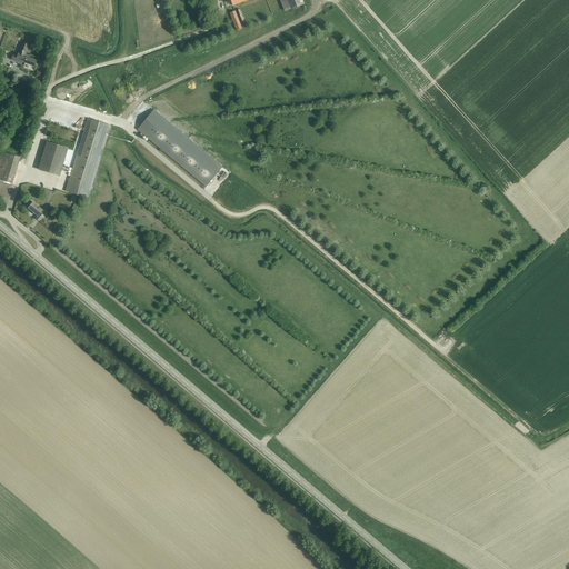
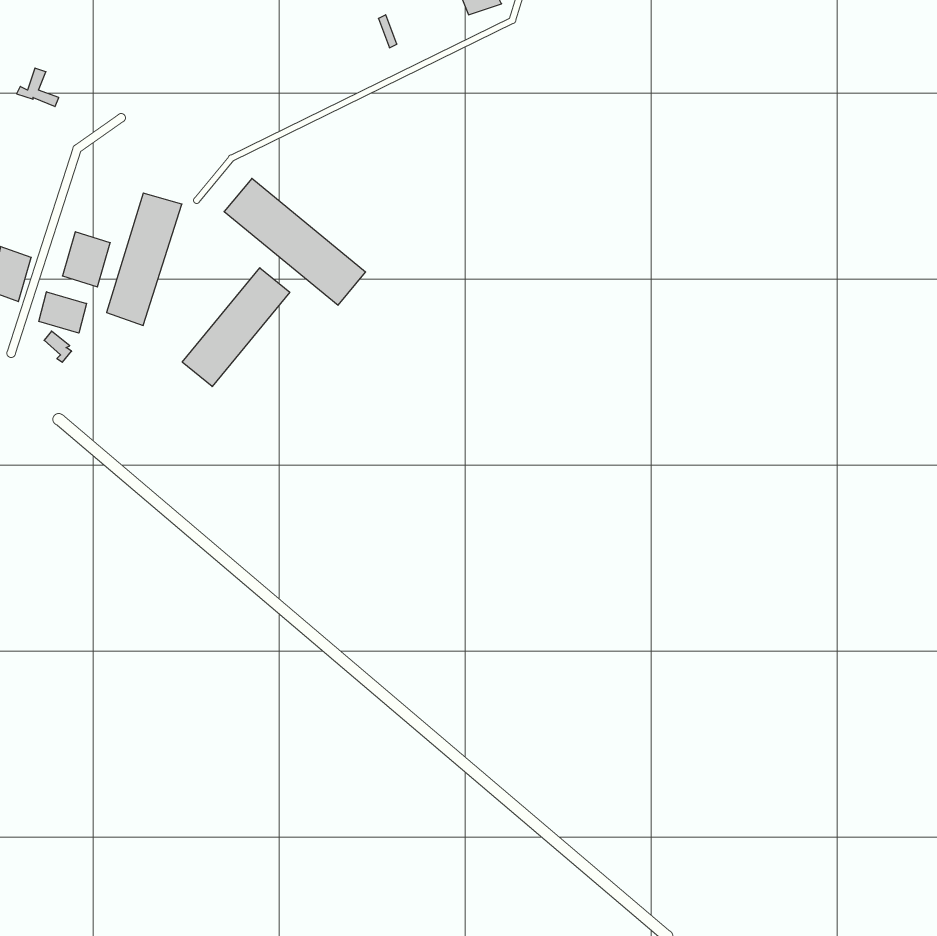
building: none -> [182,268,290,387]
building: none -> [39,292,87,333]

